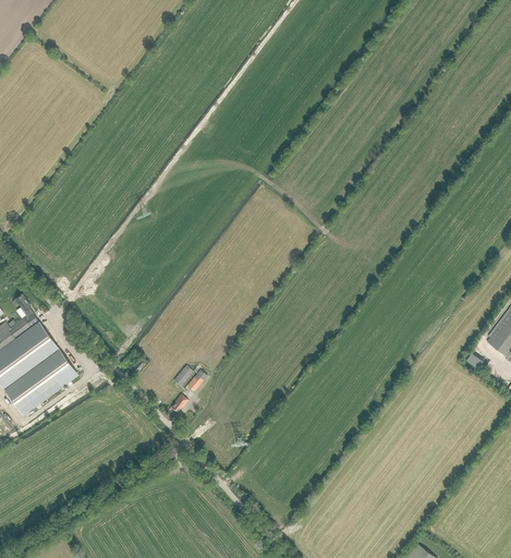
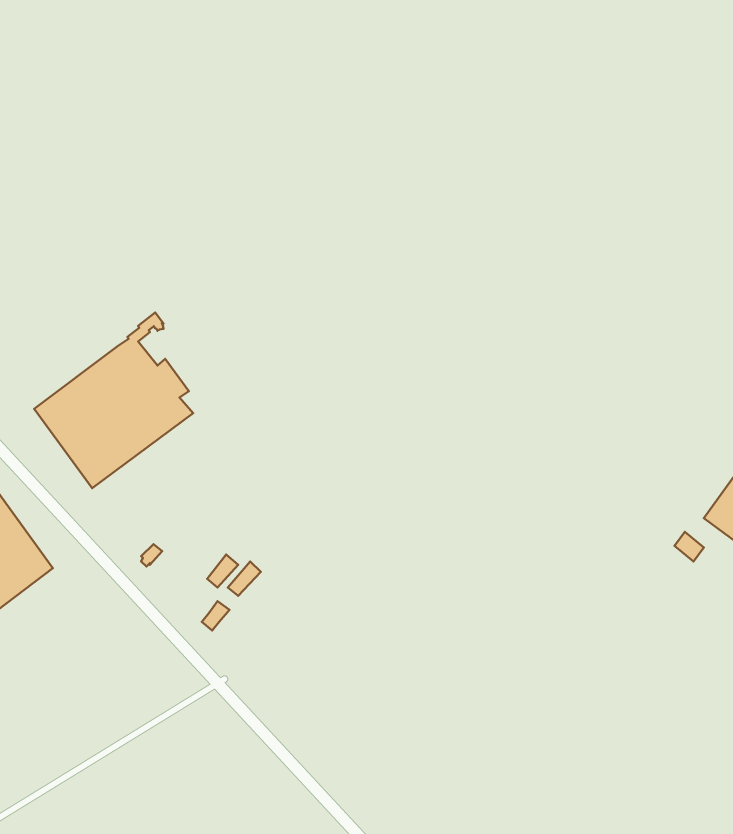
building: none -> [34,313,193,488]

